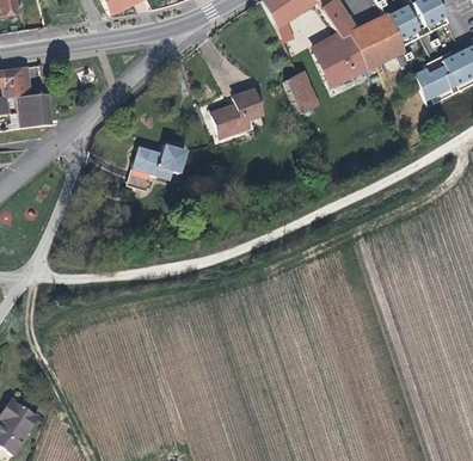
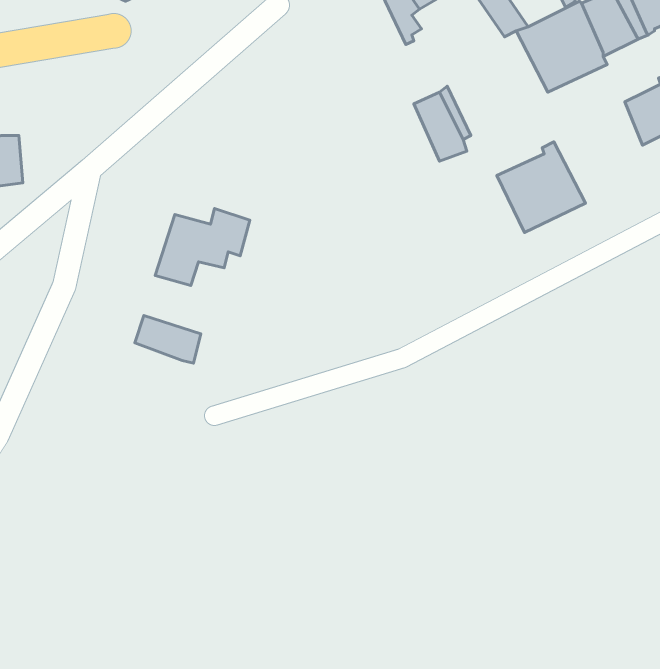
building: [314,32,368,87] -> [497,142,586,233]
building: [215,86,264,130] -> none
building: none -> [135,315,201,363]

